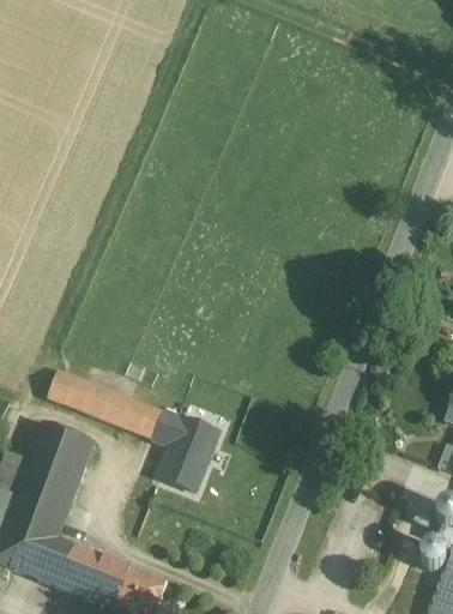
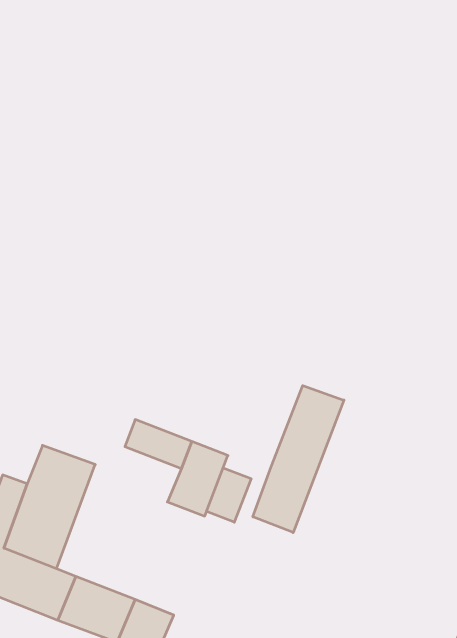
building: none -> [253,386,344,533]
building: [52,371,134,425] -> none
building: none -> [206,468,251,522]

